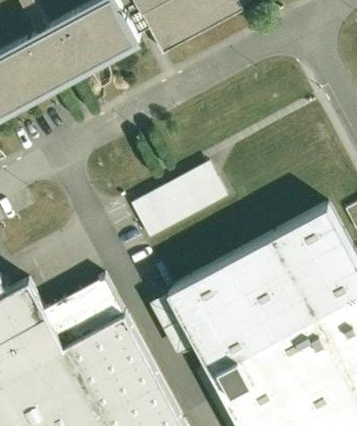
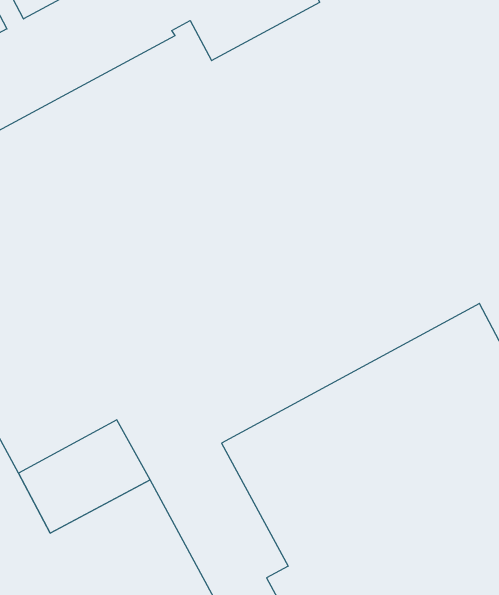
building: [131,161,228,237] -> none

